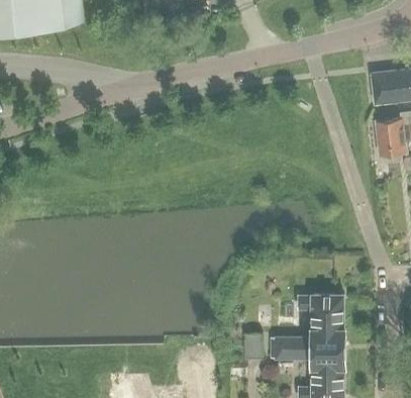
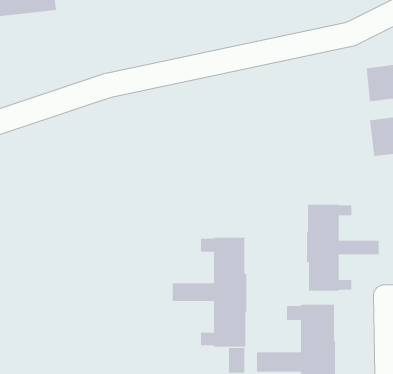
building: none -> [307,204,379,291]
building: none -> [172,237,247,347]

